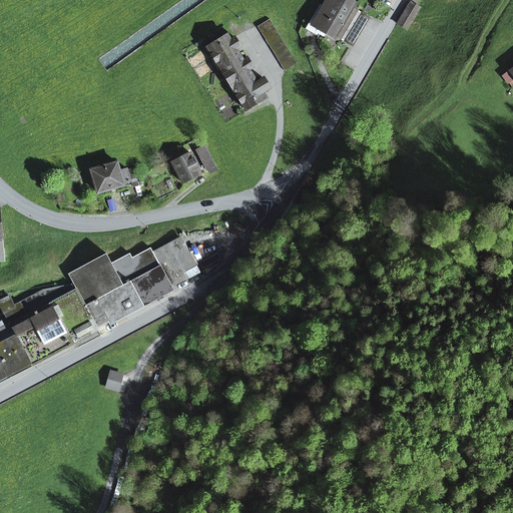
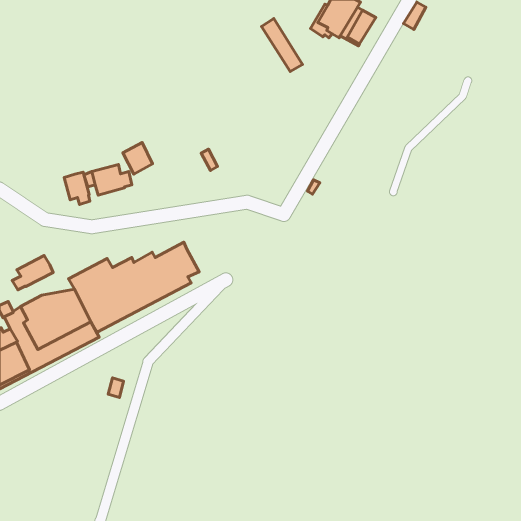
building: [205,34,268,109] -> none
building: [170,151,199,182] -> [123,142,152,174]
building: none -> [64,172,90,204]
building: none -> [12,256,53,290]

